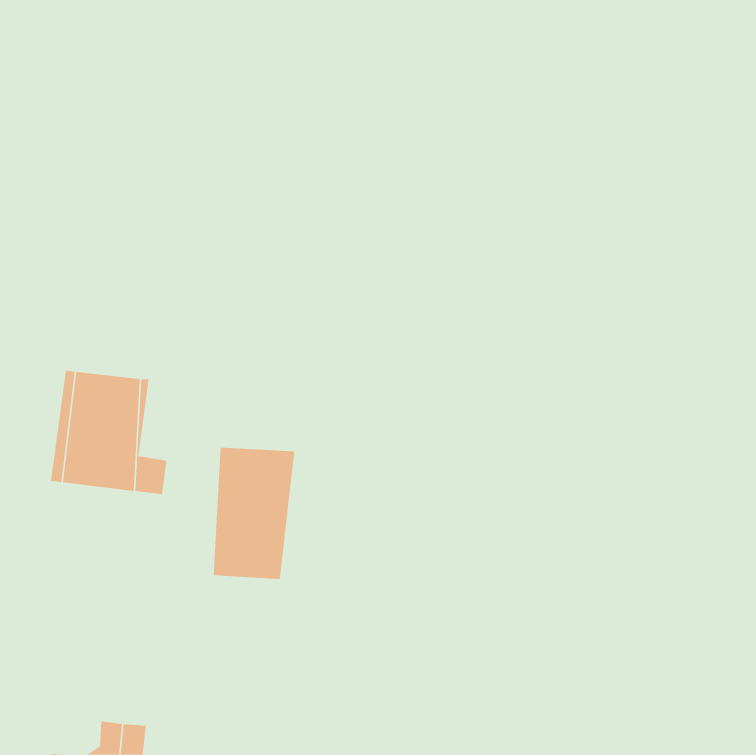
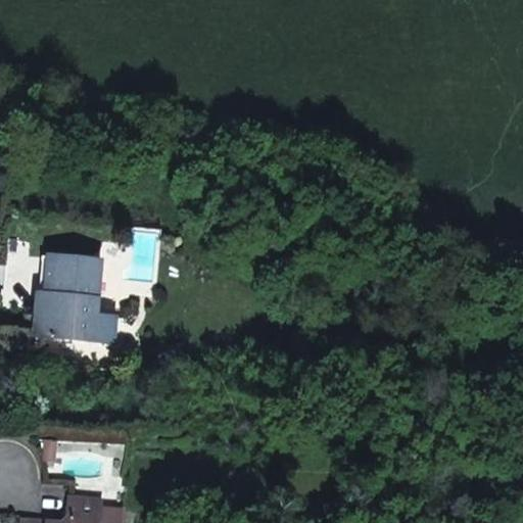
building: [213,447,295,580] -> none

